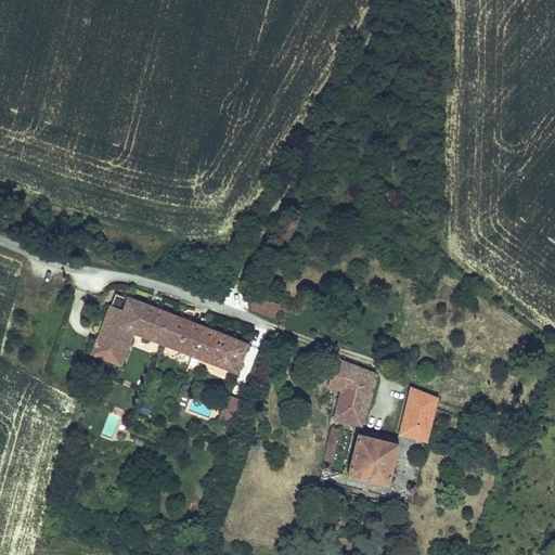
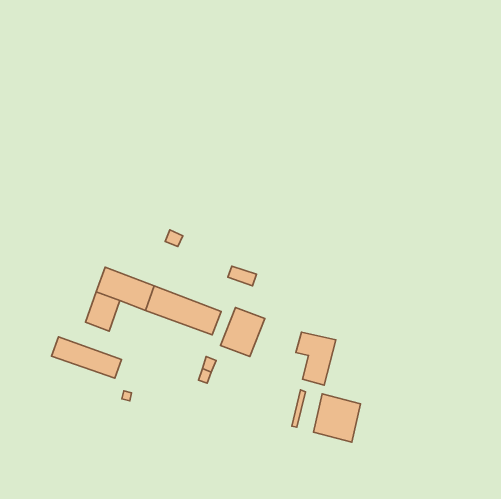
building: none -> [221,308,265,356]
building: none -> [51,337,121,378]
building: [398,388,438,443] -> none

